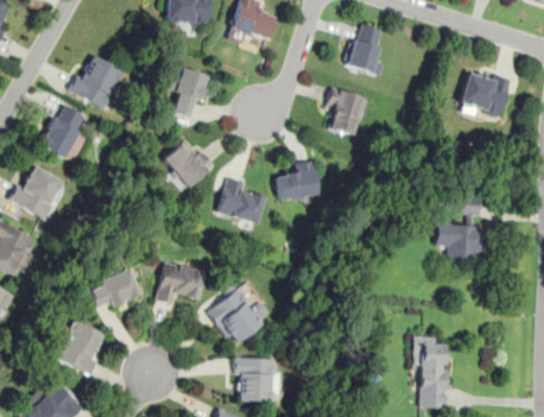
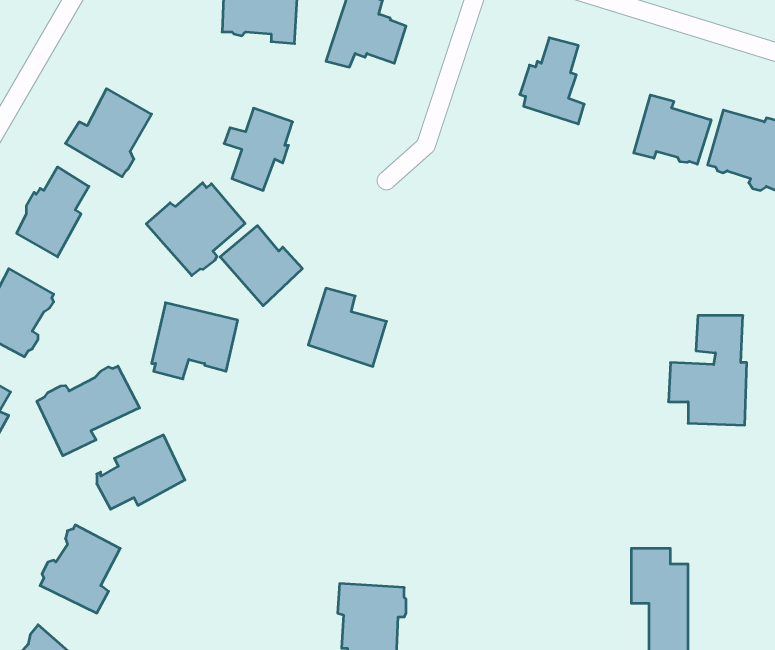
building: none -> [634,95,711,164]
building: [325,87,366,135] -> none
building: none -> [146,183,245,276]
building: [278,160,318,200] -> none
building: none -> [37,366,140,456]
building: [154,260,207,307] -> [152,303,238,379]
building: [208,289,270,343] -> none

